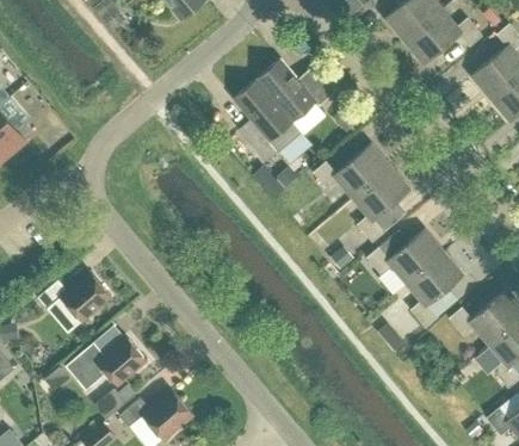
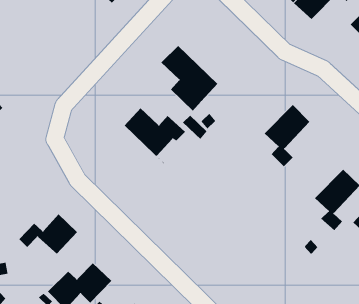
building: [257,58,332,131] -> [124,107,186,164]
building: [313,142,390,198] -> none
building: [365,228,444,284] -> none

